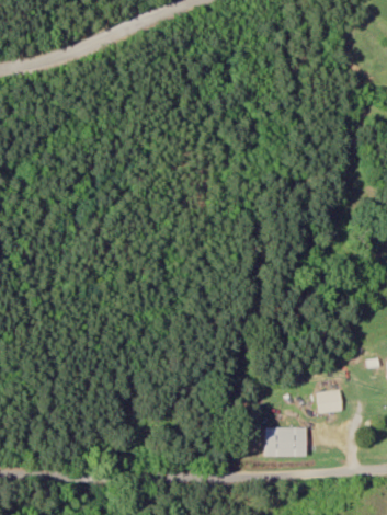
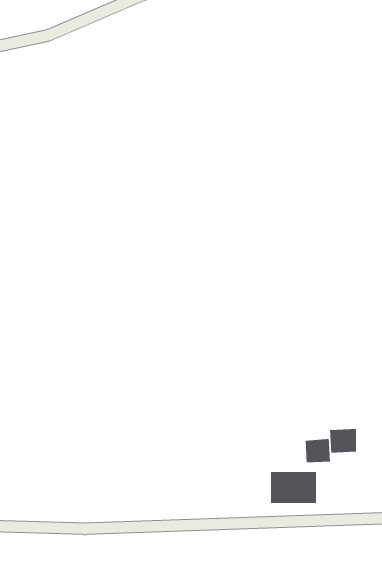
building: none -> [305,438,331,463]

